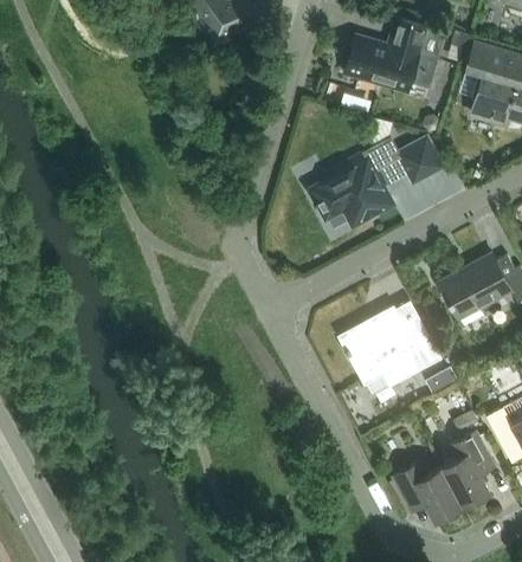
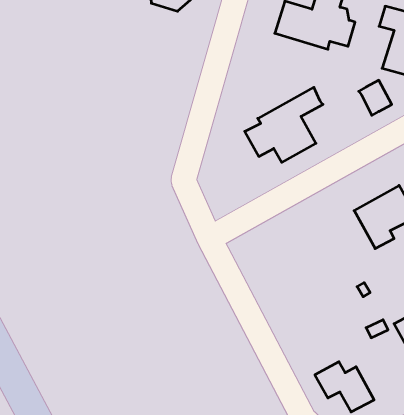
building: [398,140,437,181] -> [359,80,392,115]
building: [340,308,442,387] -> none
building: [440,431,490,506] -> none

